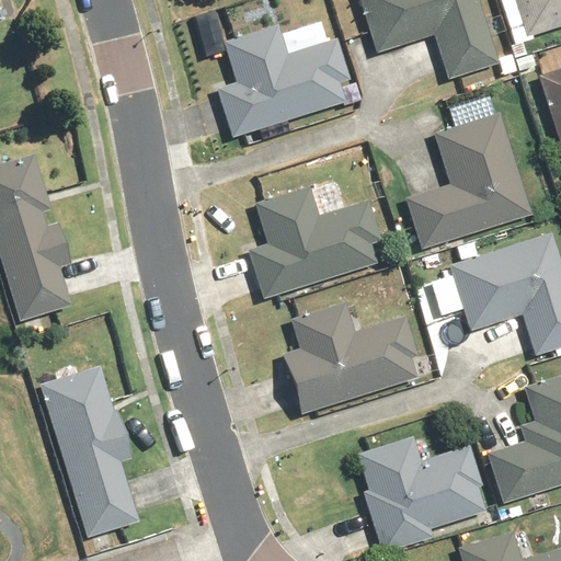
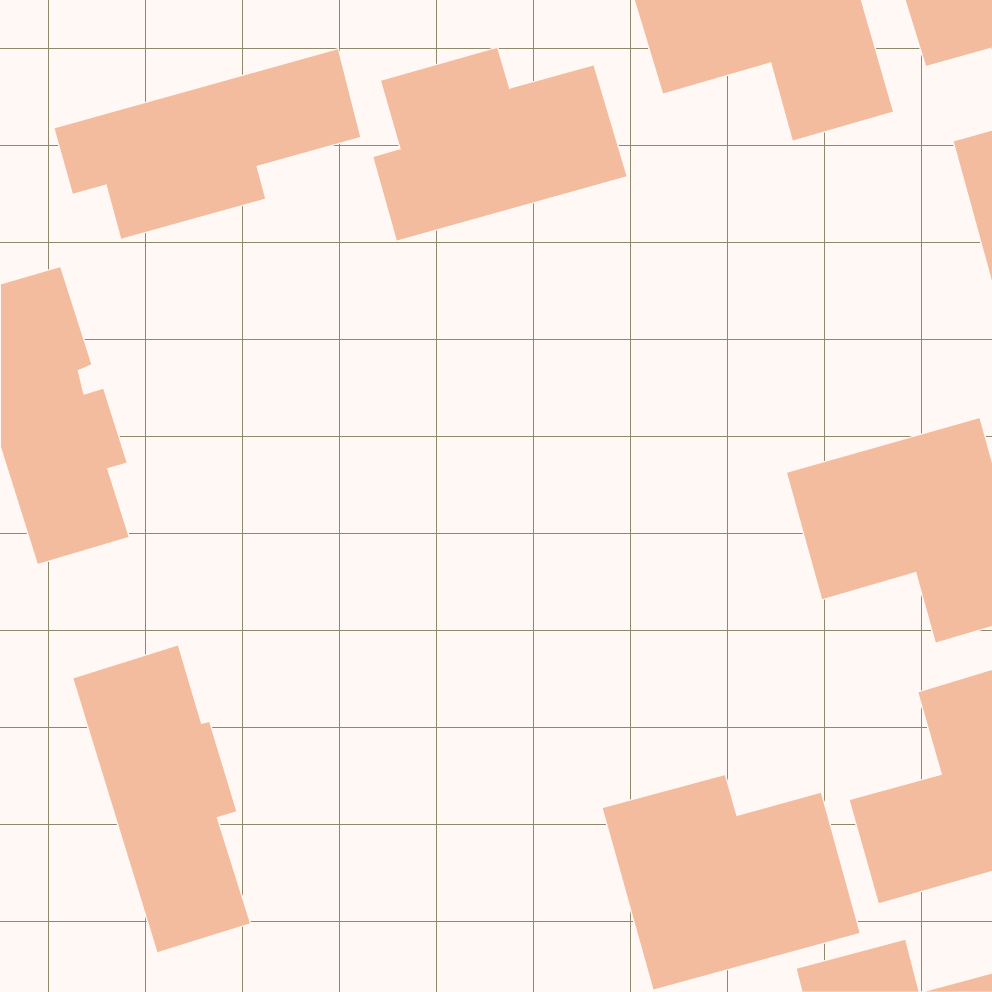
building: none -> [54,48,361,239]
building: [398,112,535,255] -> none
building: [240,187,387,300] -> none
building: [275,302,423,416] -> none

